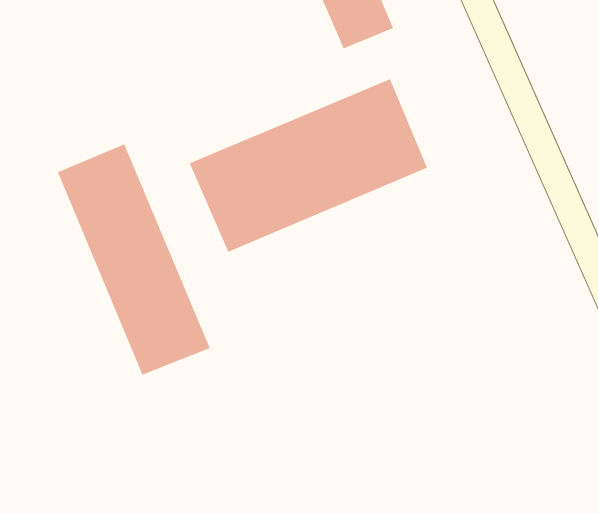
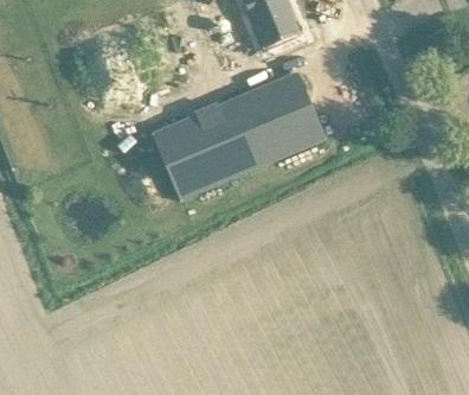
building: [57,144,210,376] -> none

